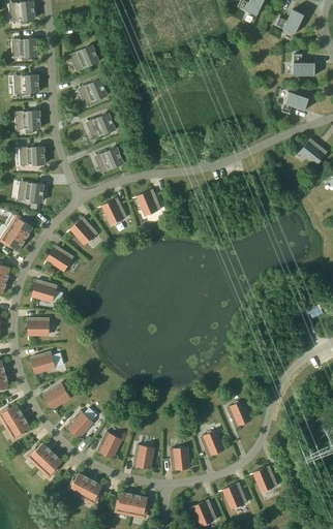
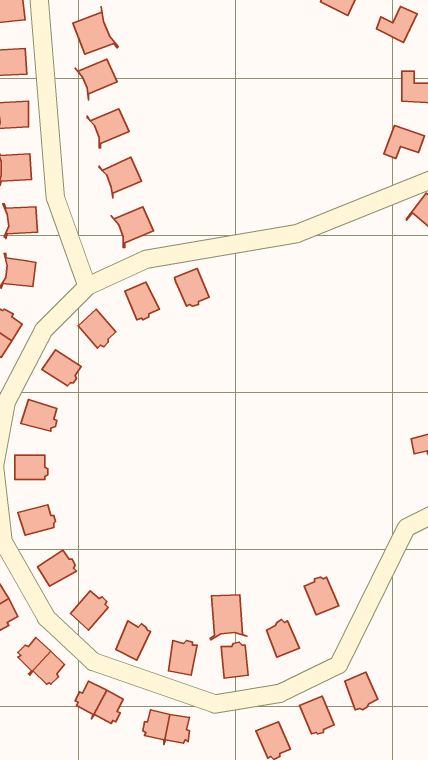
building: none -> [73,7,118,54]
building: none -> [210,595,247,640]

